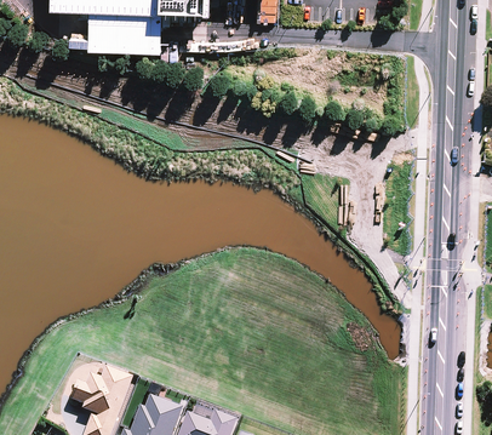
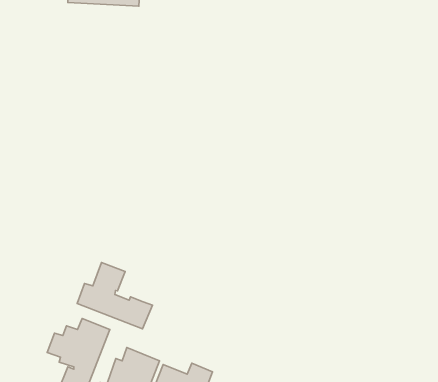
building: none -> [77,263,152,329]

